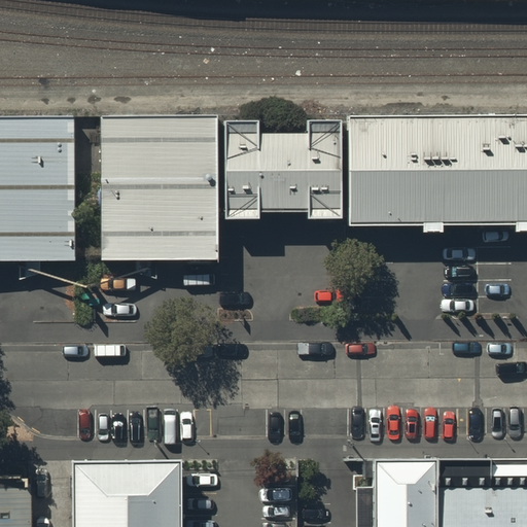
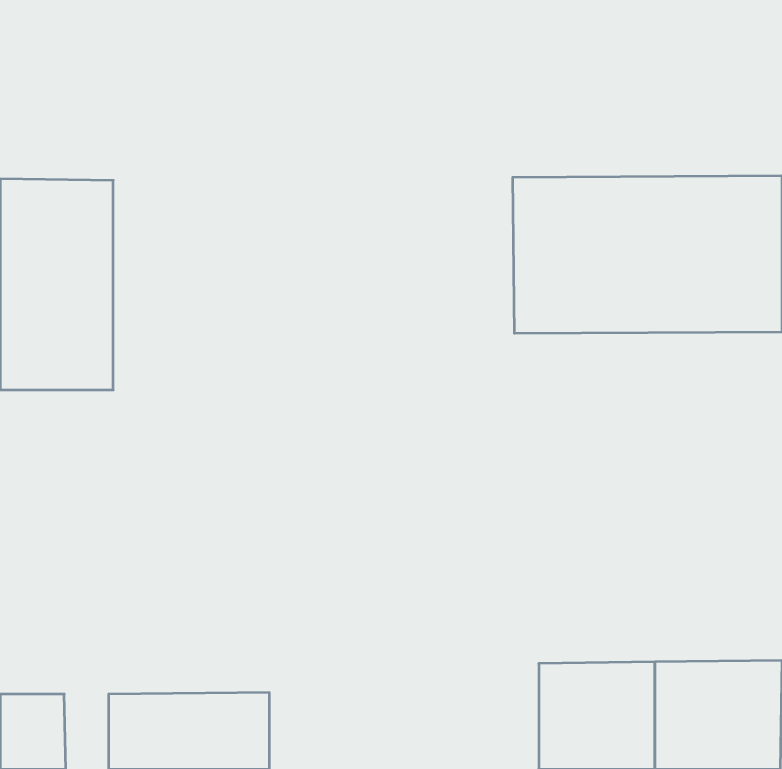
building: [101,117,214,264] -> none
building: [225,124,336,217] -> none

